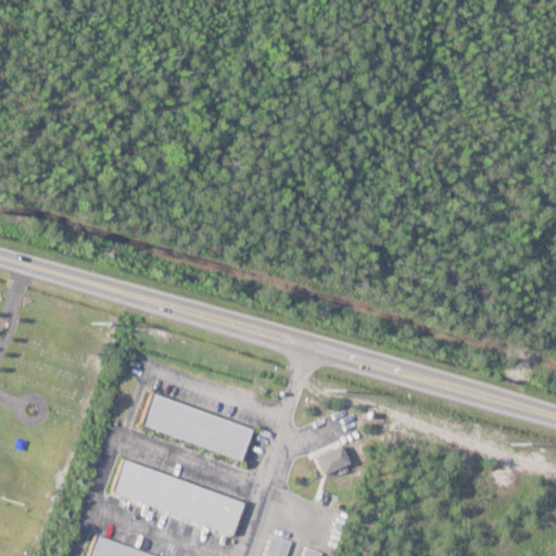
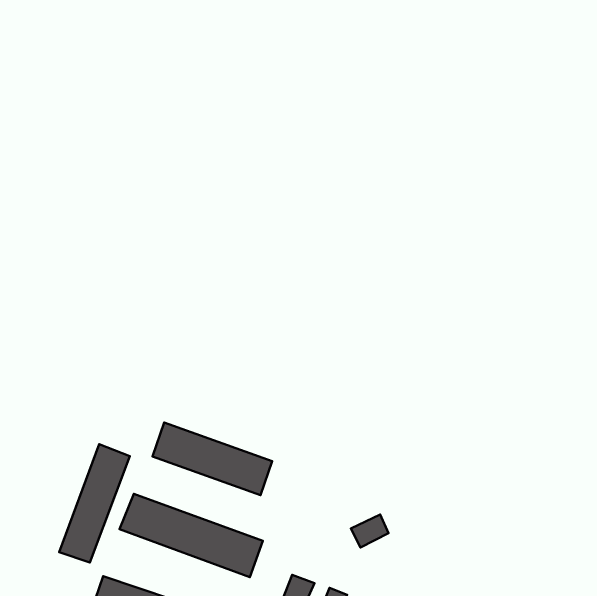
building: none -> [59,444,130,563]
building: [316,447,351,478] -> [351,515,389,547]

